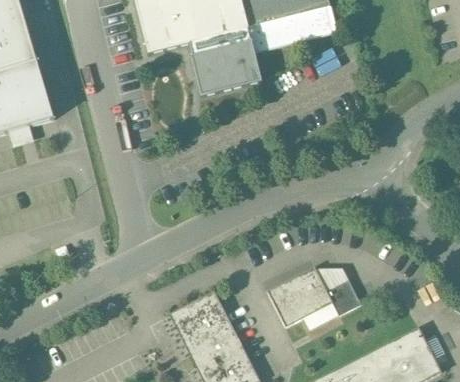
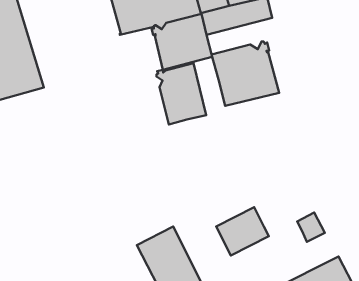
building: none -> [212,41,279,106]
building: none -> [156,63,206,125]
building: [327,280,361,316] -> [297,213,325,242]

